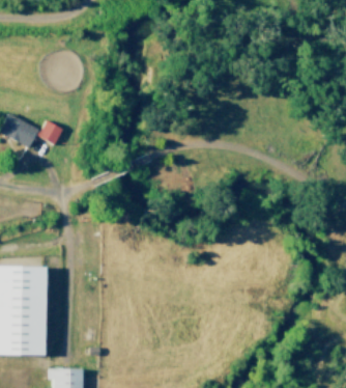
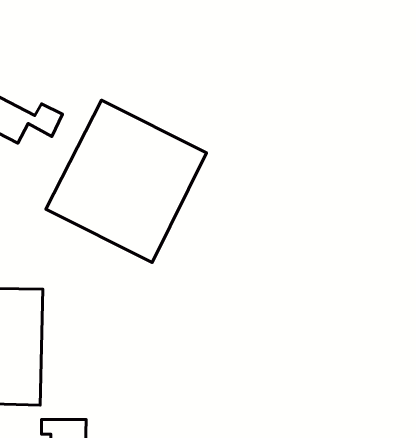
building: none -> [46,100,207,262]

